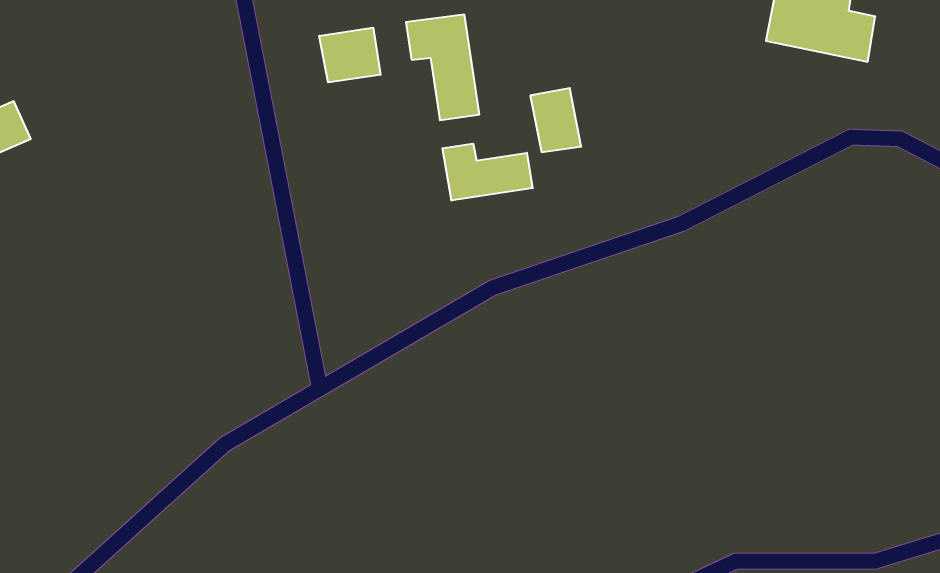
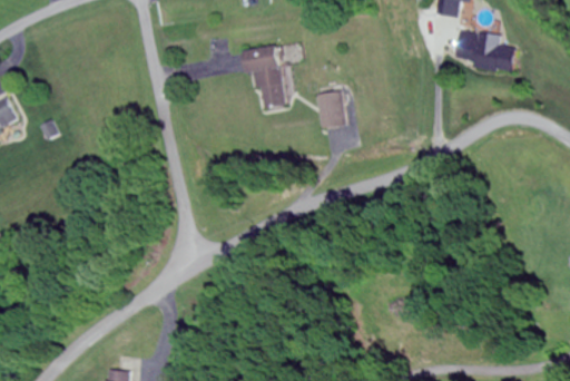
building: [319,28,380,82] -> none
building: [442,144,533,201] -> none

